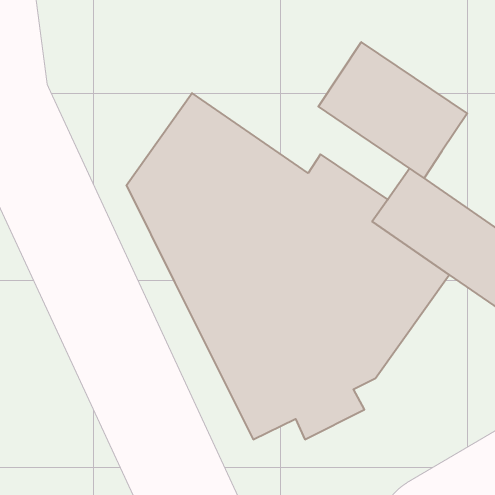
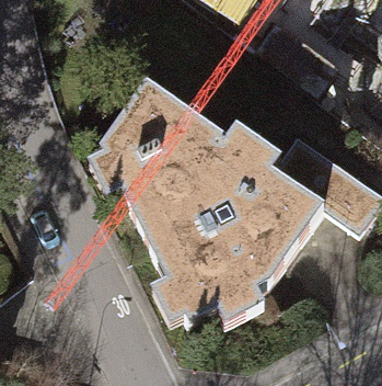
building: [318,42,467,178] -> none

